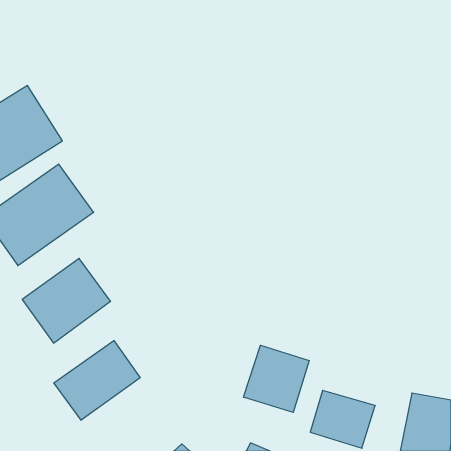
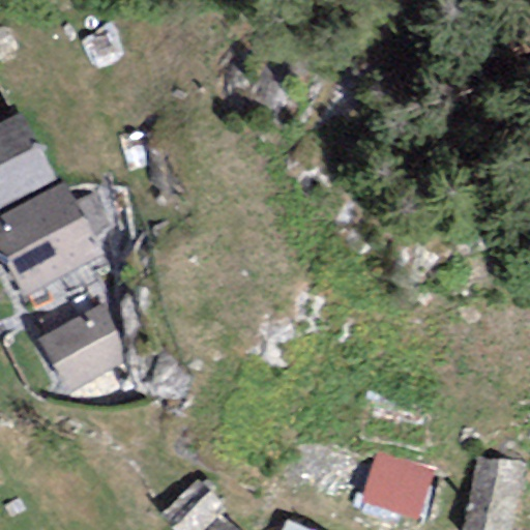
building: [54,341,140,420] -> none
building: [244,345,309,412] -> none

